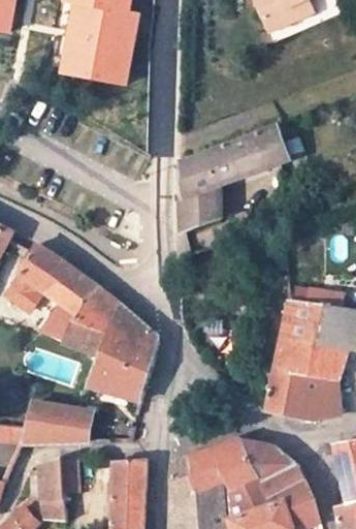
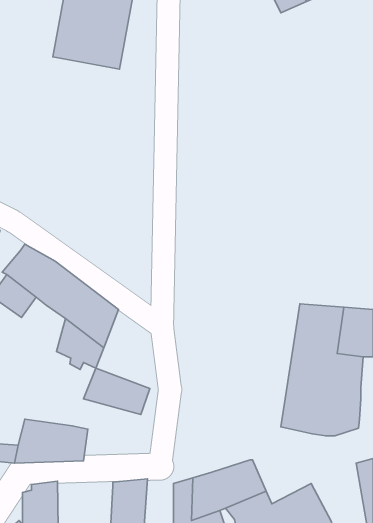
building: [180,124,291,232] -> none
building: [34,300,71,342] -> none
building: [99,304,157,376] -> none
building: [242,441,296,481] -> none

